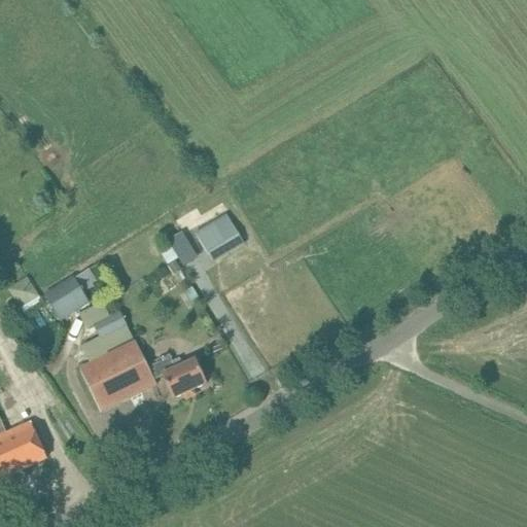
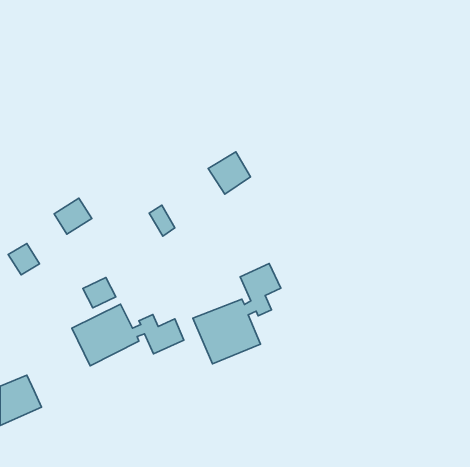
building: [195,213,242,260] -> [208,152,251,194]
building: [45,276,87,316] -> [54,198,92,234]
building: none -> [193,263,281,364]

